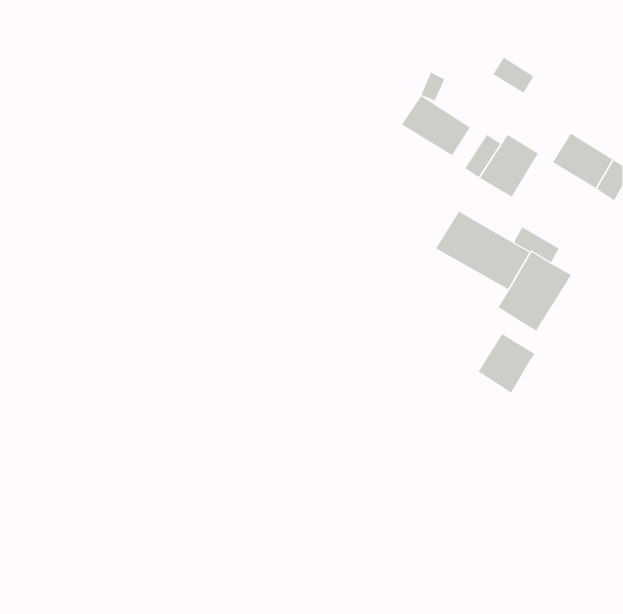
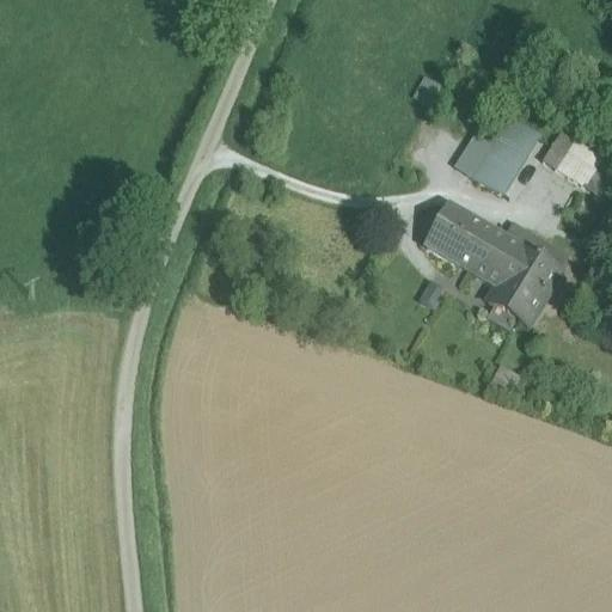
building: [493,57,534,94] -> [497,115,538,151]
building: [401,95,471,156] -> none
building: [478,333,535,393] -> none

